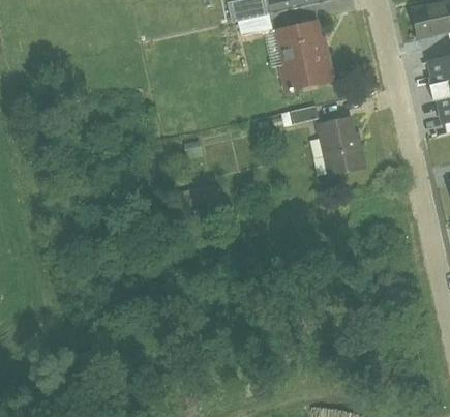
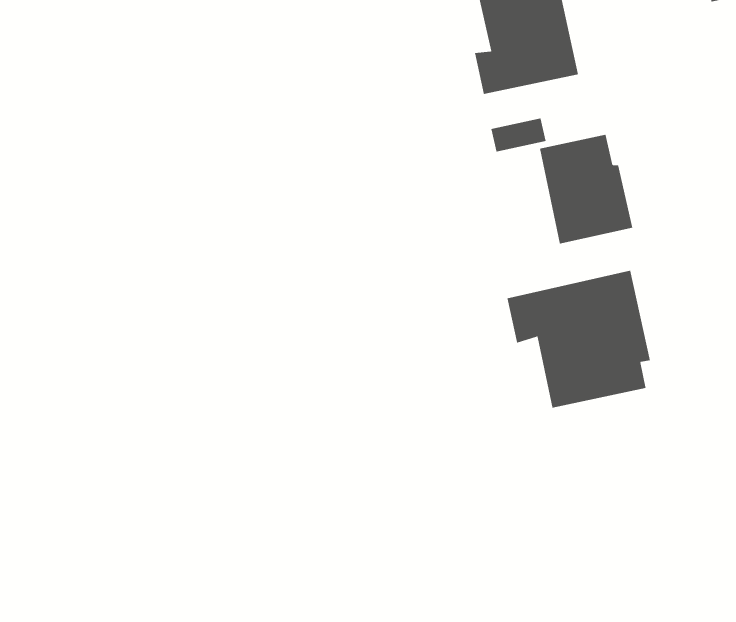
building: none -> [507,270,650,408]

